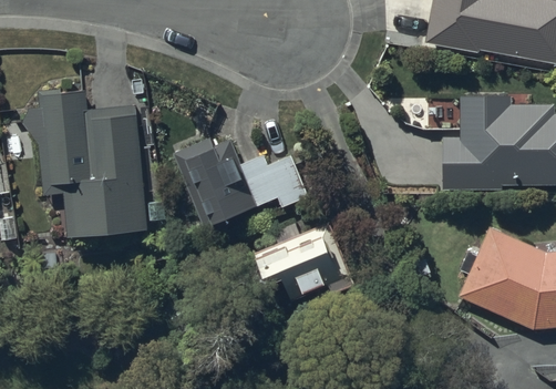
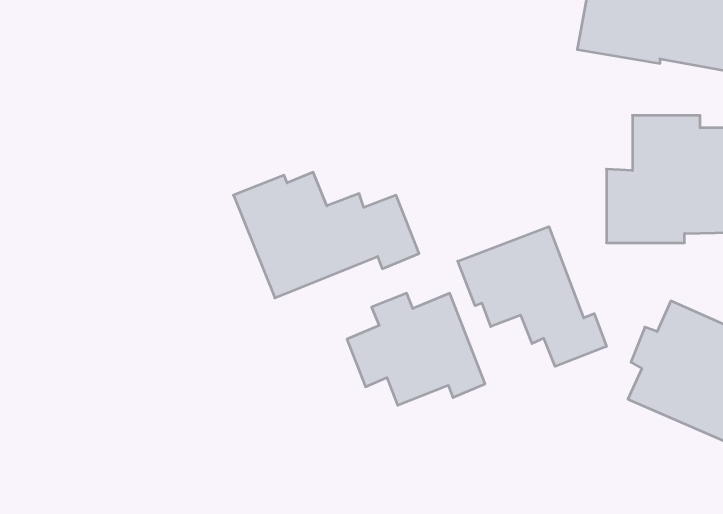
building: [24,91,150,240] -> none
building: none -> [458,227,606,366]

